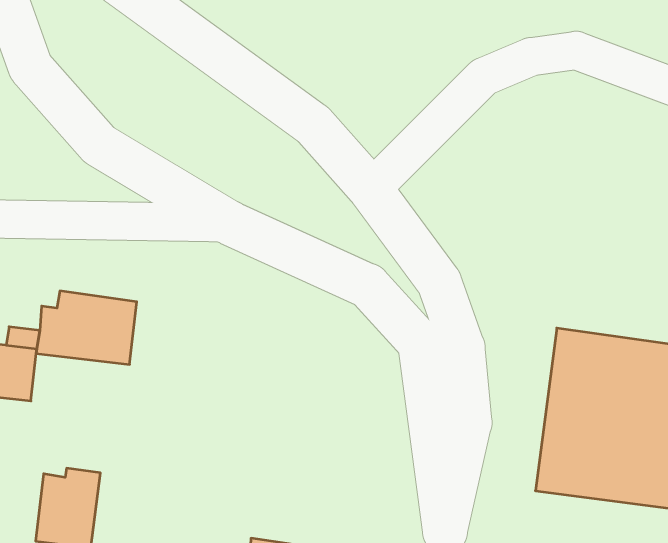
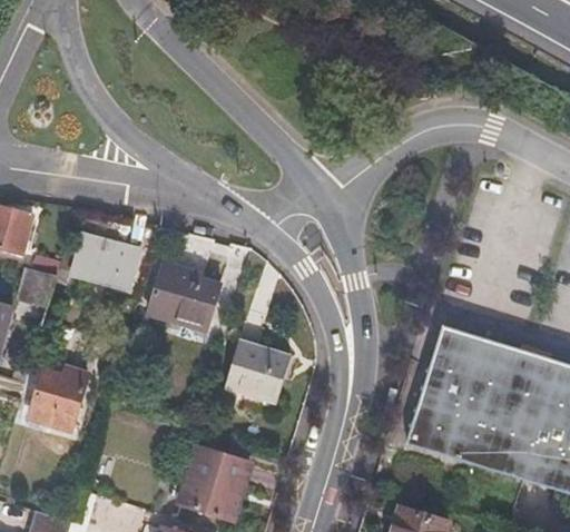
building: none -> [148,263,220,327]
building: none -> [229,345,294,404]

